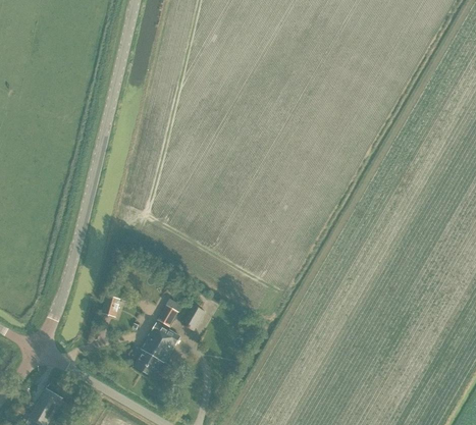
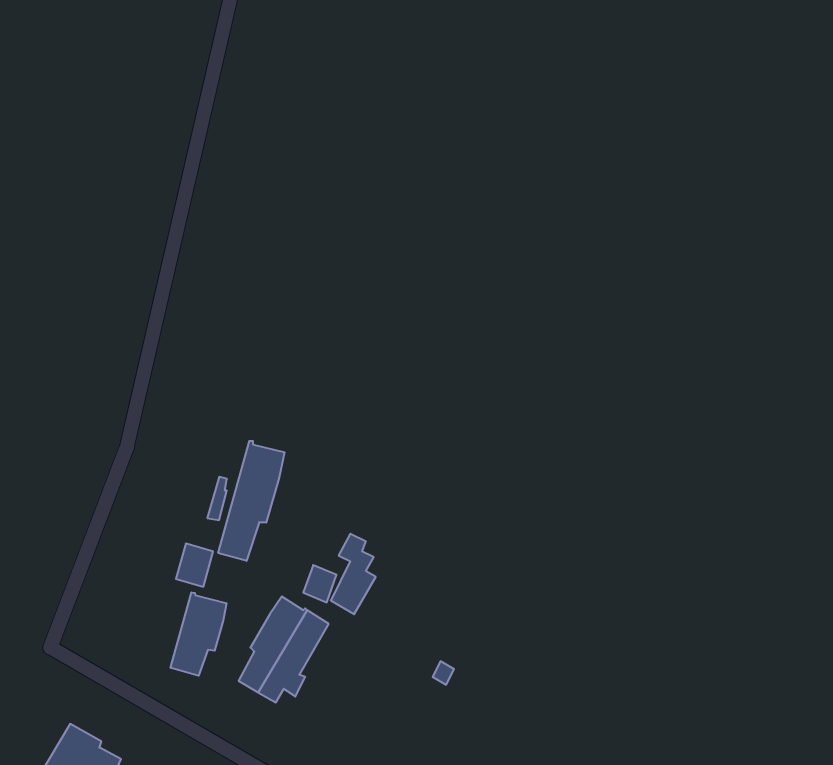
building: none -> [218,441,285,561]
building: none -> [171,592,227,676]

